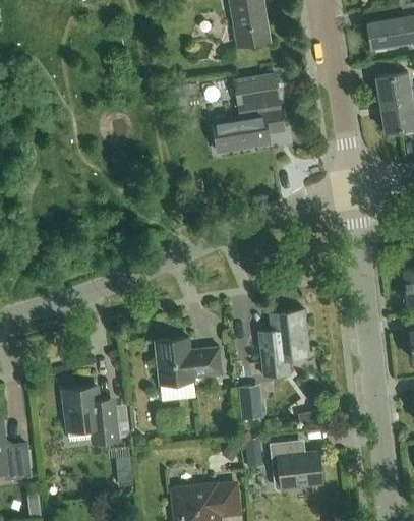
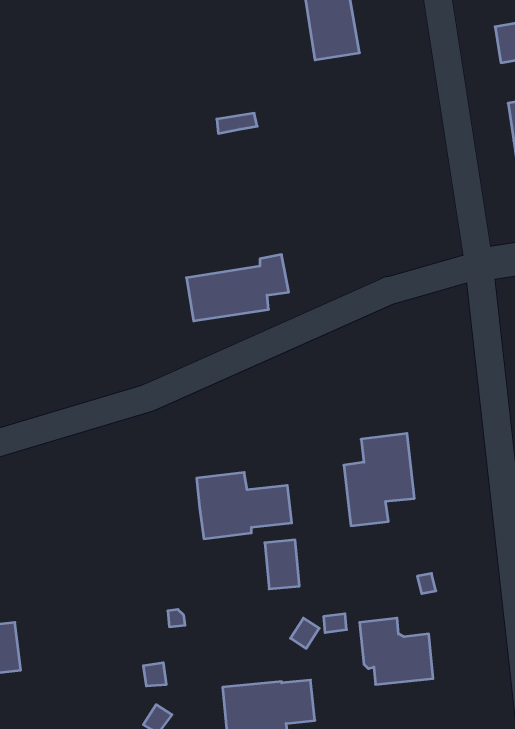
building: [236,74,280,106] -> none
building: [213,105,285,152] -> [186,255,289,321]
building: [239,385,263,419] -> [265,540,299,589]
building: [63,387,118,443] -> none

